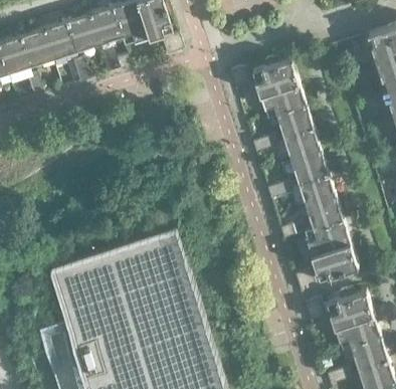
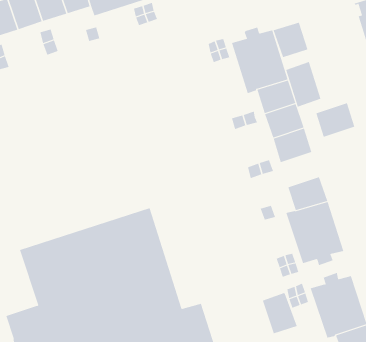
building: none -> [273,22,308,58]
building: none -> [285,61,321,108]
building: [298,176,335,209] -> [316,102,355,137]
building: none -> [262,292,297,334]

